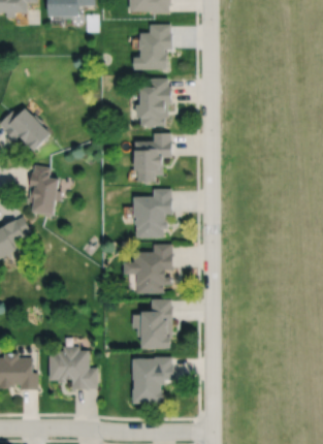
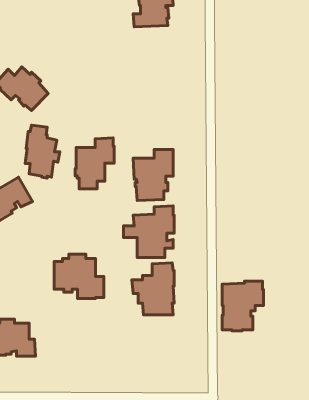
building: [137,77,172,127] -> none
building: [134,132,172,182] -> [75,138,114,189]
building: [49,347,97,390] -> [54,254,104,299]
building: [133,357,173,406] -> [222,281,264,331]

